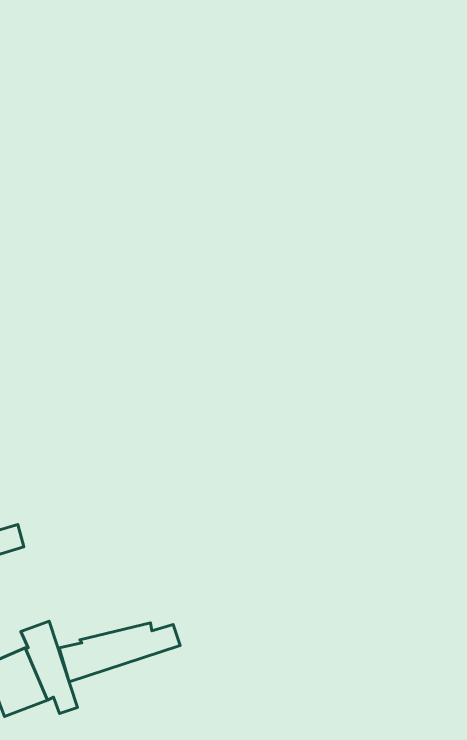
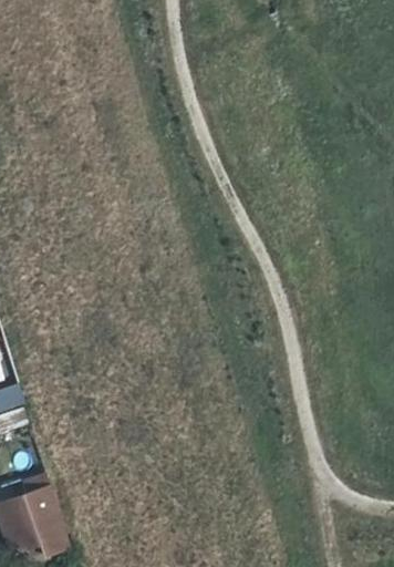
building: [59,623,180,682] -> none

